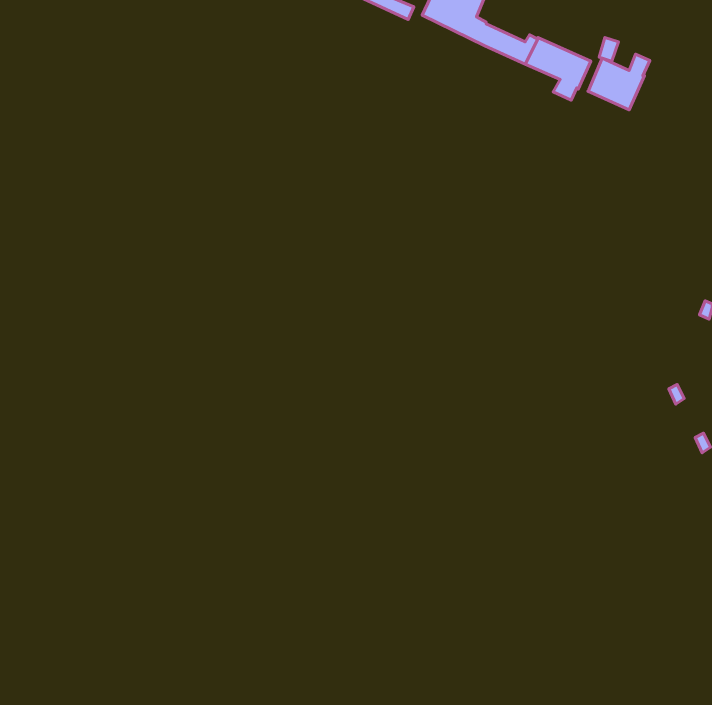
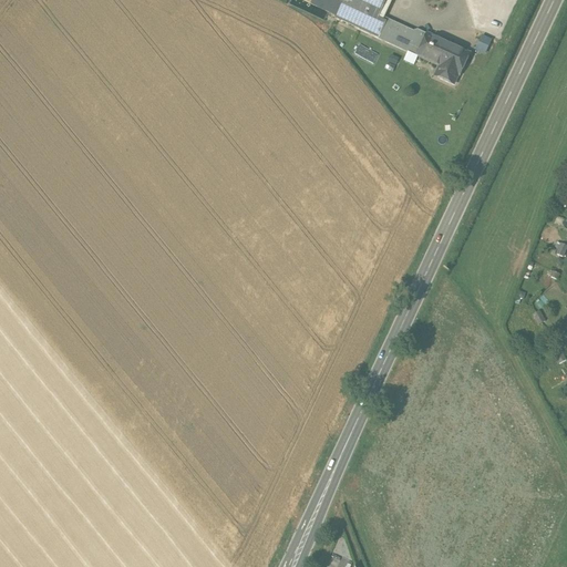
building: [588,54,650,110] -> none

